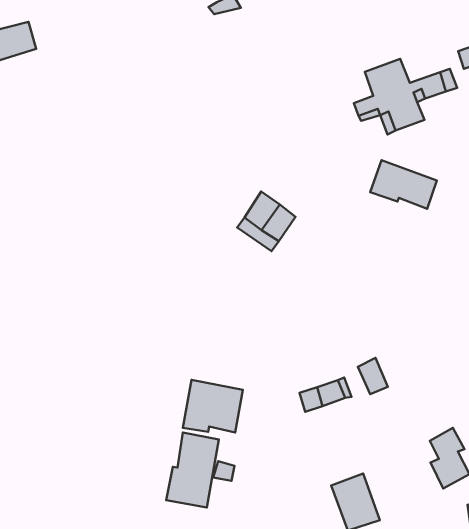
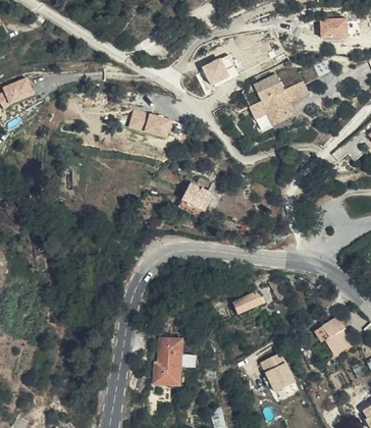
building: none -> [202,54,236,84]
building: none -> [128,108,171,138]
building: [370,160,437,209] -> none
building: [183,380,243,433] -> none

